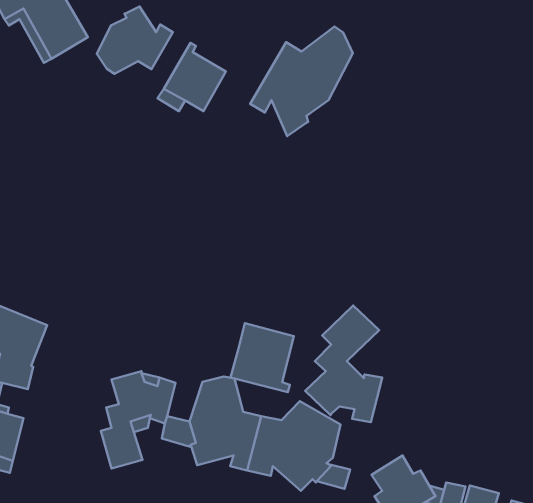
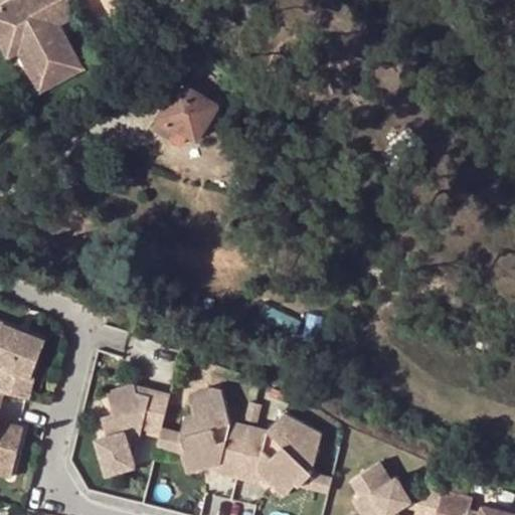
building: [97,6,173,74] -> none
building: [250,26,353,136] -> none
building: [305,305,382,422] -> none
building: [231,323,294,392] -> none

